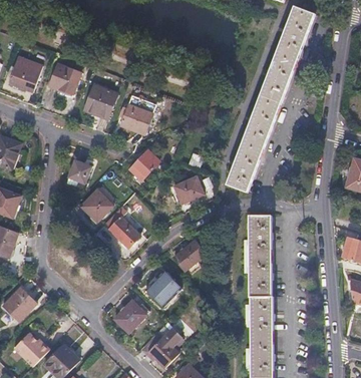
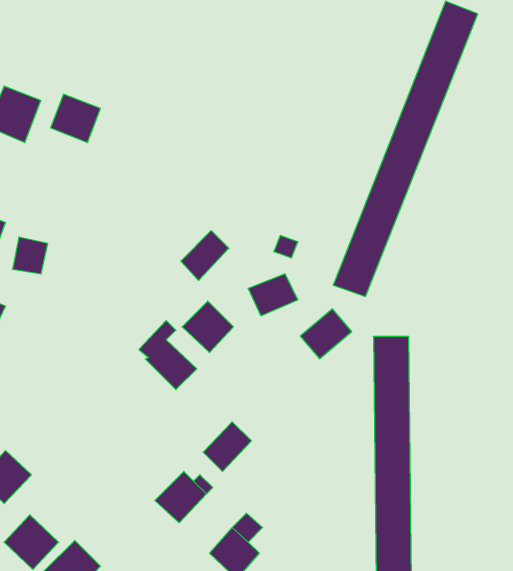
building: [82,81,117,117] -> none
building: [120,103,152,133] -> none
building: [69,162,91,185] -> [12,237,48,274]
building: [79,190,111,222] -> [182,301,233,353]
building: [172,240,205,271] -> [300,309,352,359]

